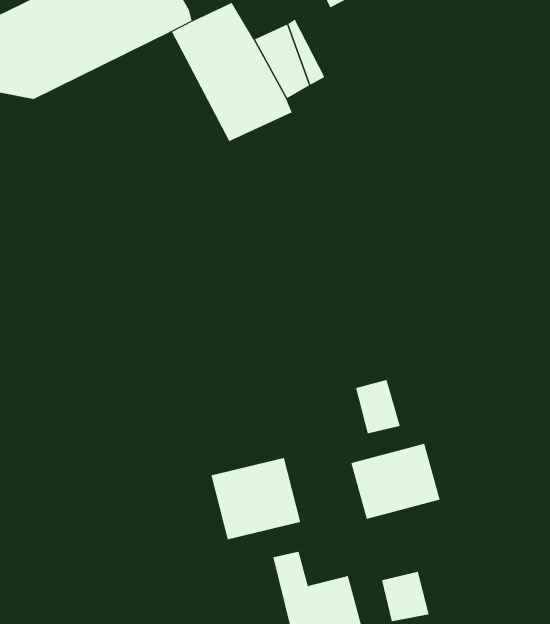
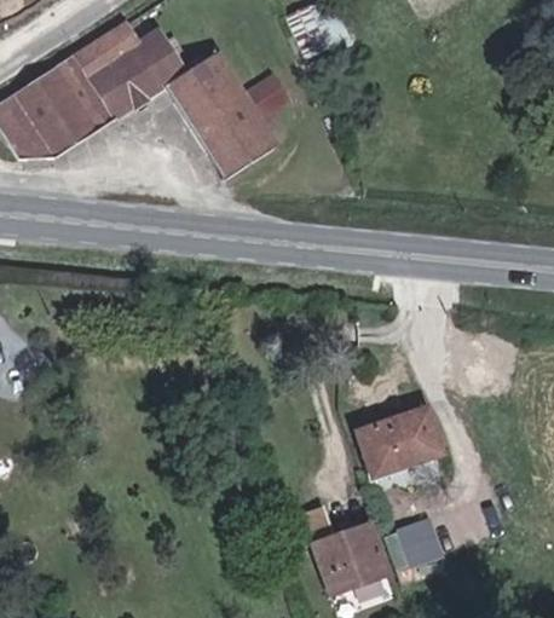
building: [355,379,401,434] -> none
building: [211,457,301,540] -> none

